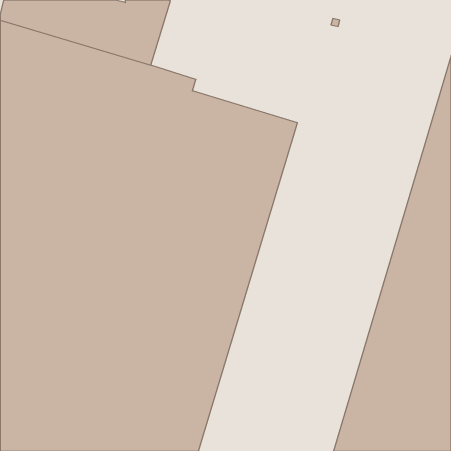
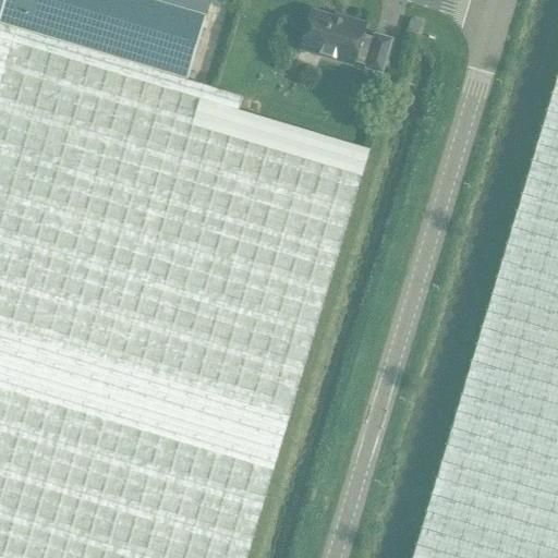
building: none -> [301,14,390,74]

